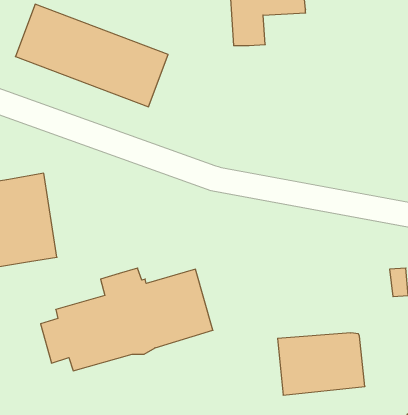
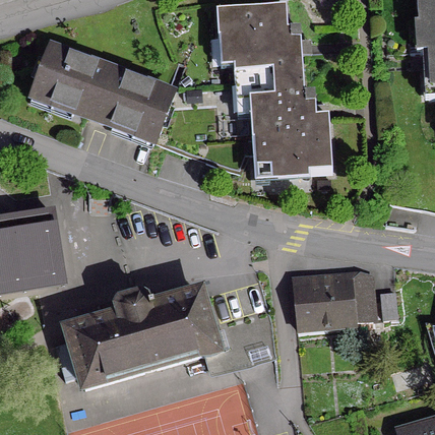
building: none -> [248,54,331,176]
building: [278,333,365,395] -> [291,270,372,328]

